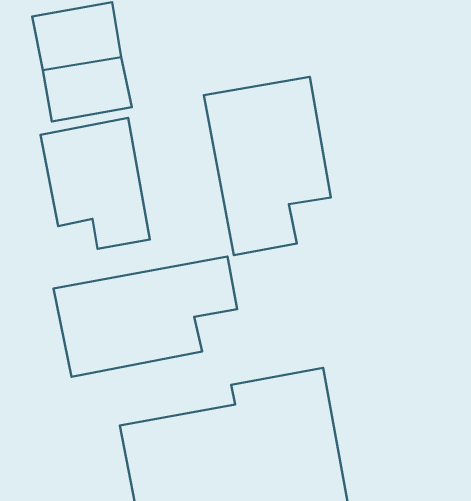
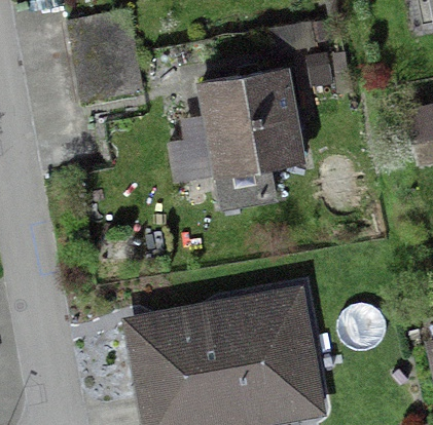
building: [41,118,150,249] -> none
building: [54,257,237,377] -> none

